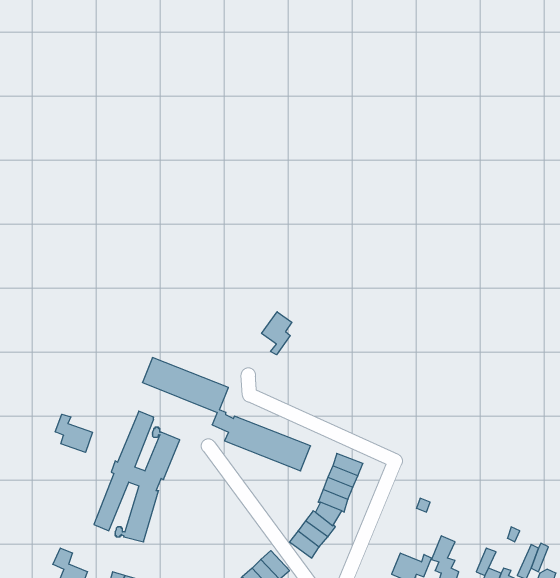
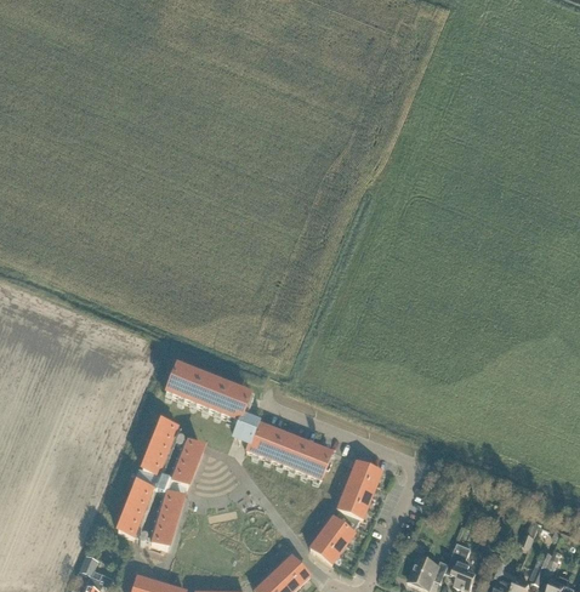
building: [262,312,292,355] -> none
building: [55,414,93,452] -> none

